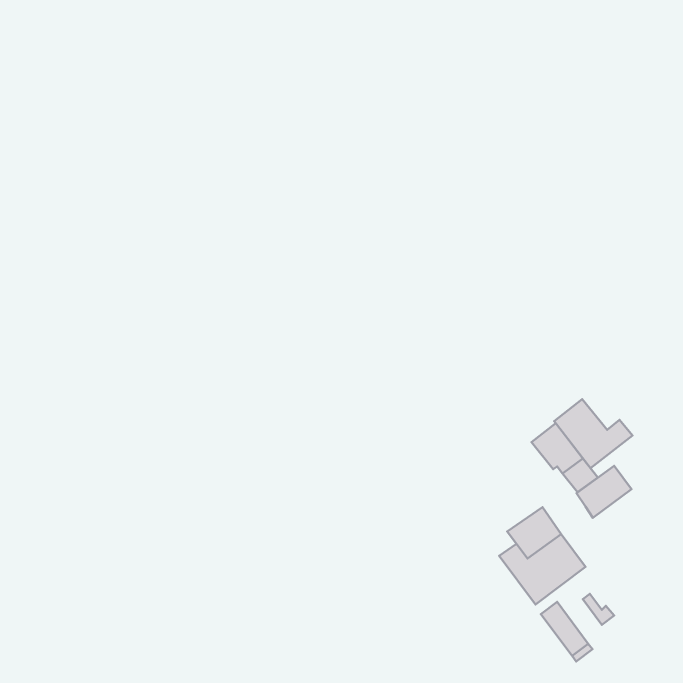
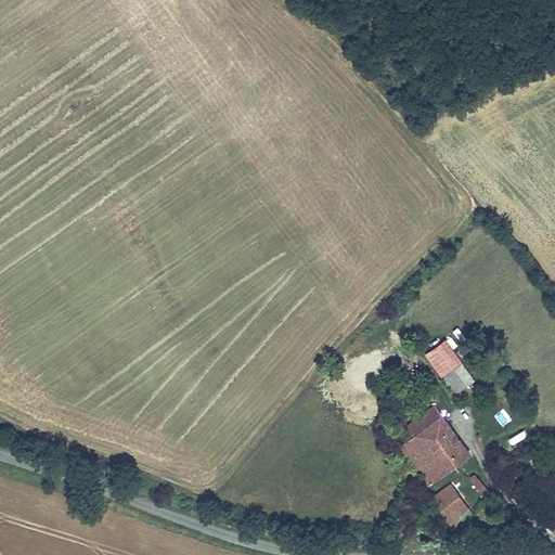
building: [554,399,633,468] -> none
building: [576,466,631,518] -> none

